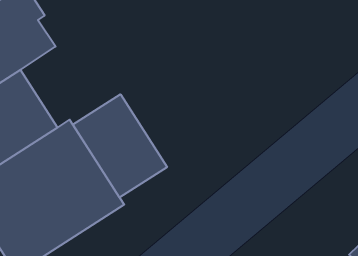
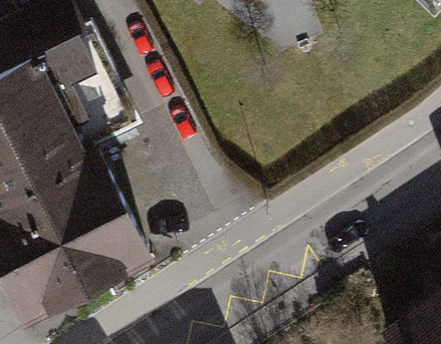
building: [73,94,167,197] -> none

